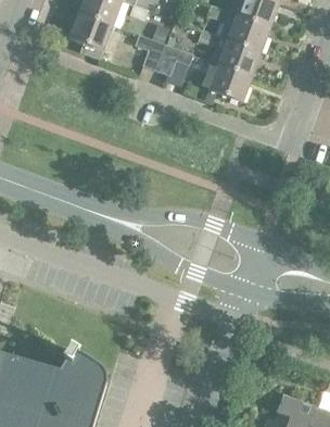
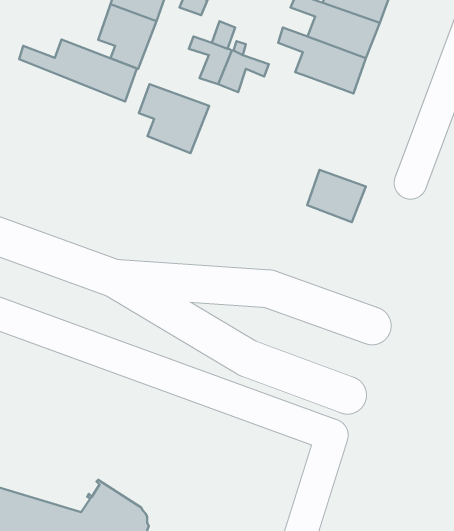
building: none -> [19,39,137,101]
building: [210,63,251,100] -> [307,170,366,222]
building: none -> [139,84,209,153]

